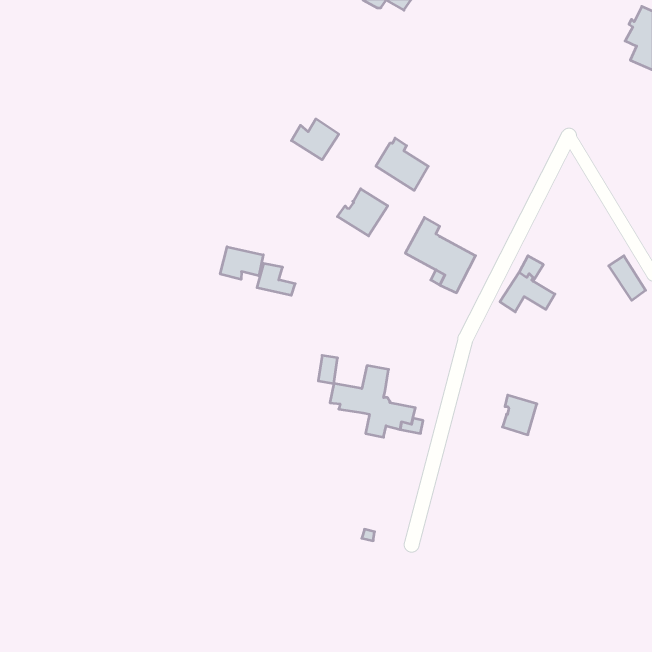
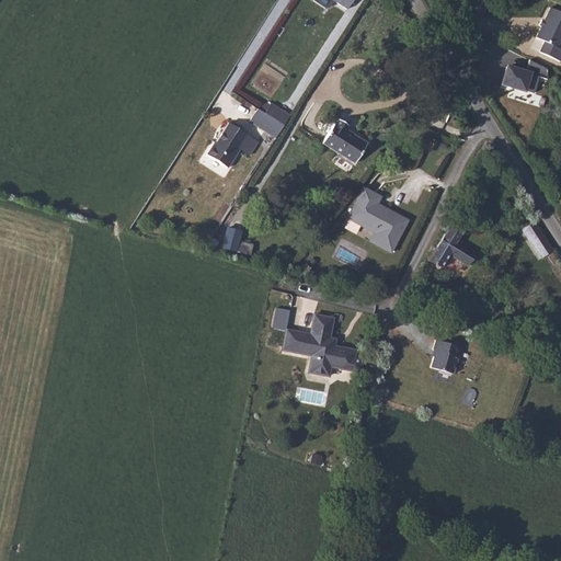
building: none -> [501,59,549,93]
building: none -> [207,122,250,168]
building: [337,189,388,236] -> none
building: [220,247,263,279] -> none

